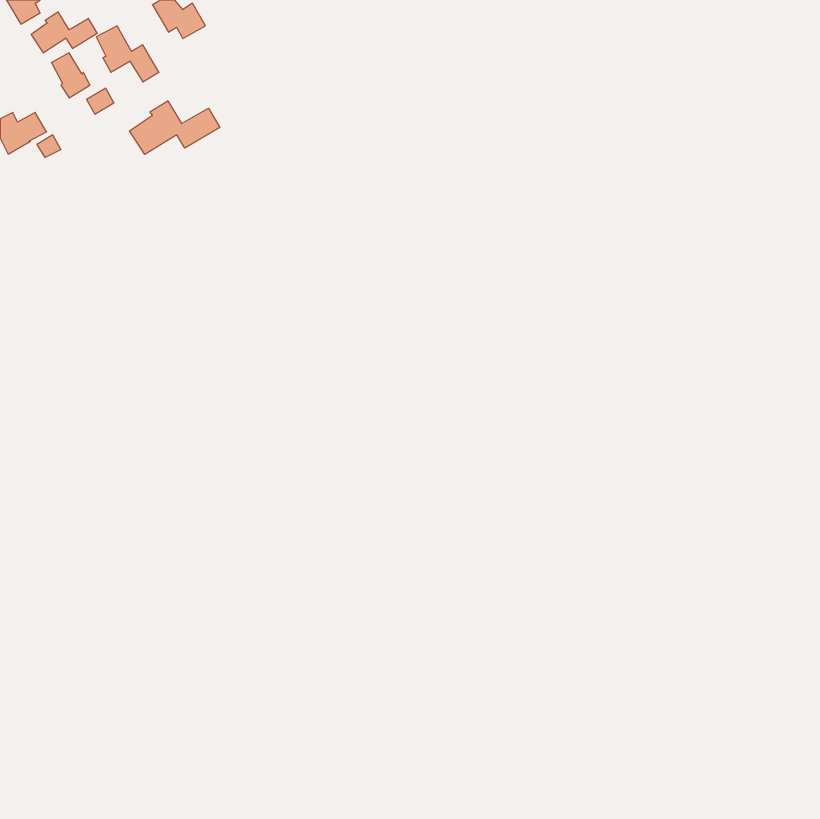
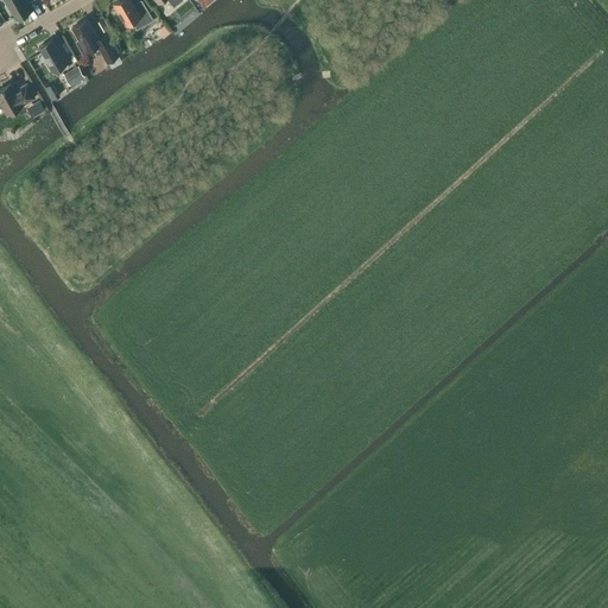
building: [31,12,97,53] -> none
building: [130,101,220,154] -> none

